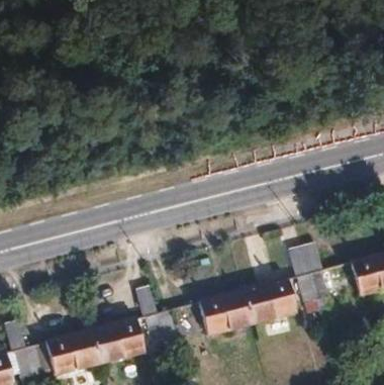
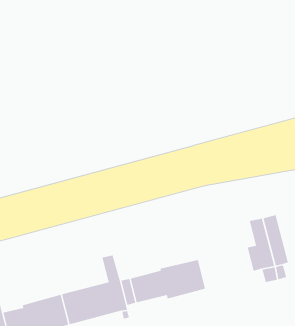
building: [242,280,296,324] -> none

